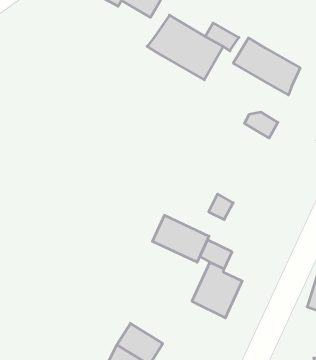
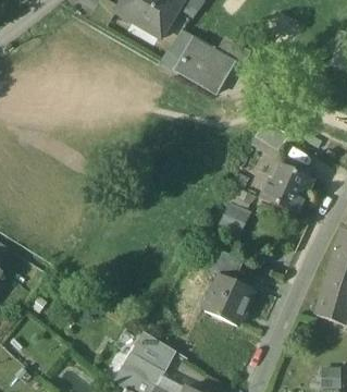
building: [233,38,300,95] -> none
building: none -> [260,164,311,215]
building: [152,215,209,262] -> none

